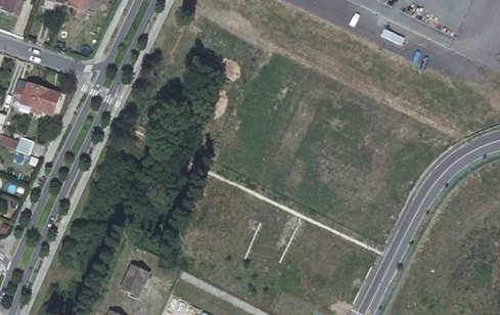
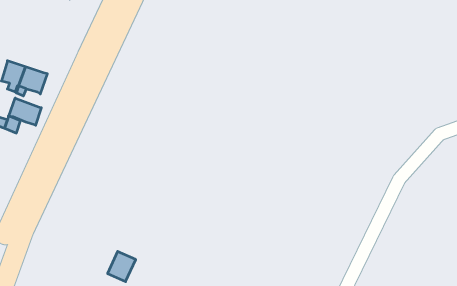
building: none -> [9,98,41,125]

